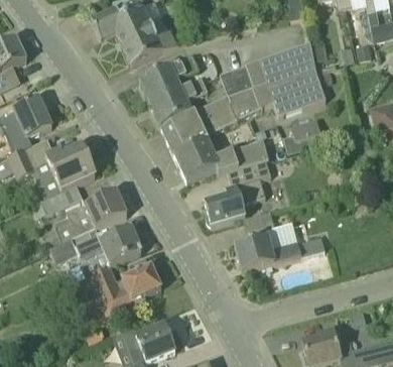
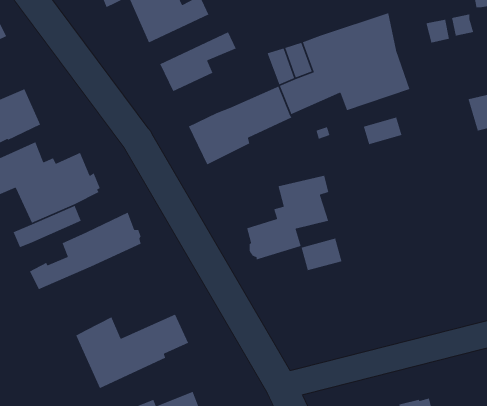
building: [150,77,208,126] -> none
building: [175,138,269,180] -> none
building: [50,227,143,277] -> none
building: [236,235,325,271] -> none

